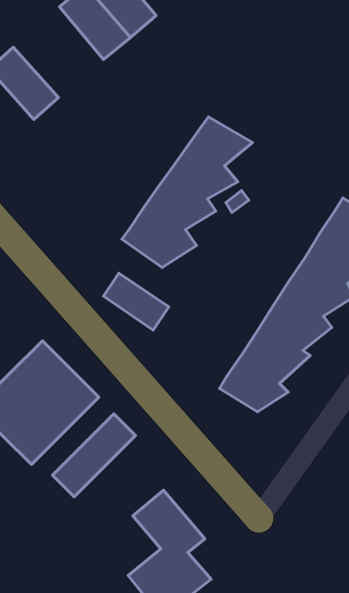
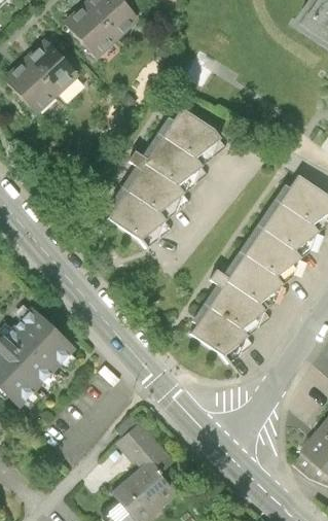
building: none -> [13,32,72,93]
building: [103,273,169,330] -> none
building: [53,414,136,497] -> none

